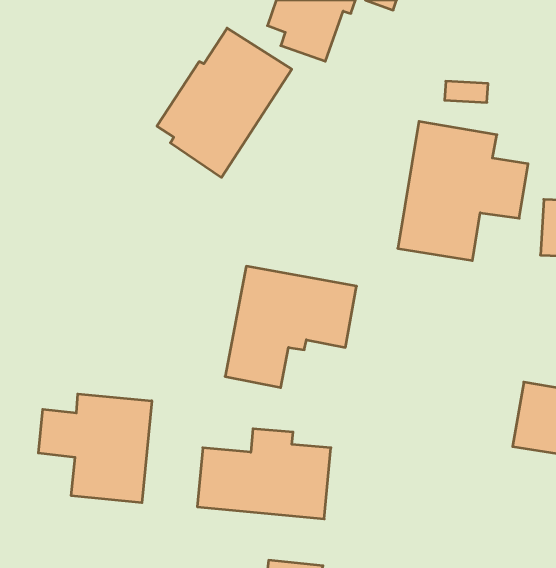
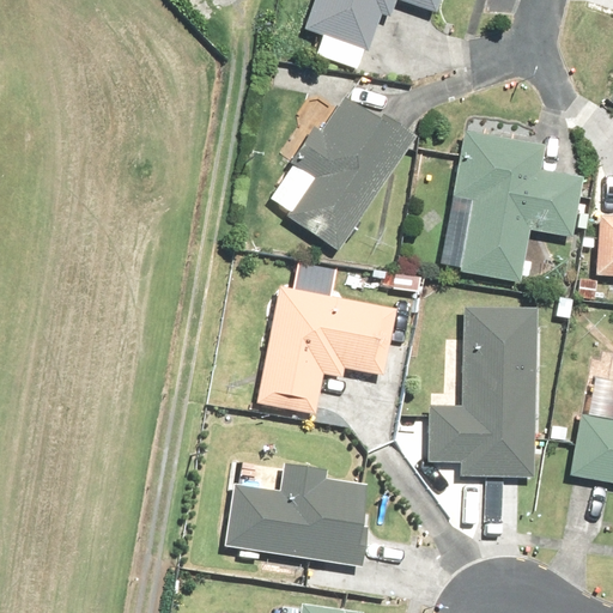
building: [157,28,292,177] -> [271,91,415,251]
building: none -> [430,308,536,478]
building: [38,394,152,503] -> none

